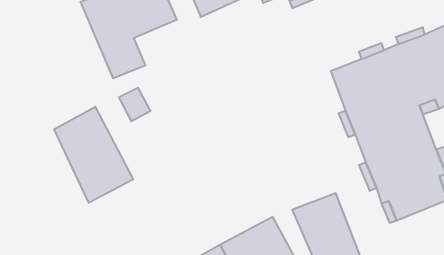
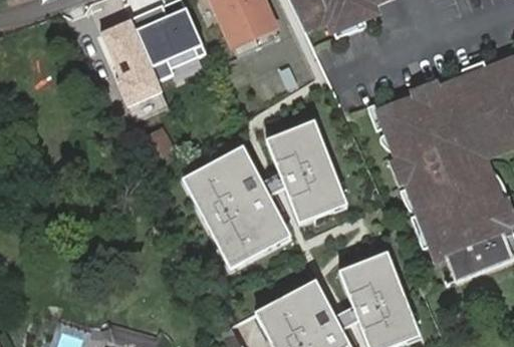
building: none -> [267,119,348,222]
building: none -> [181,145,292,267]
building: [54,107,133,203] -> none

